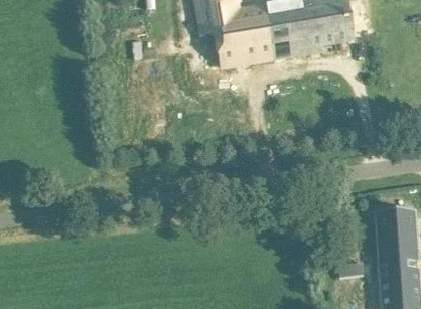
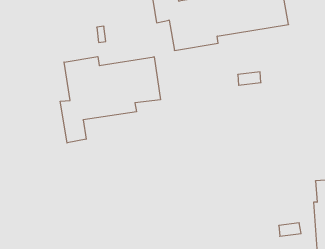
building: none -> [60,57,160,143]

